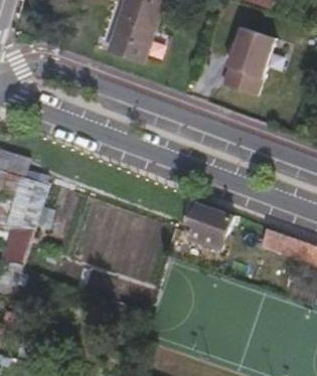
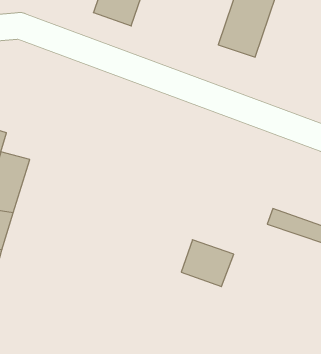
building: [187,201,234,243] -> [181,240,234,287]

